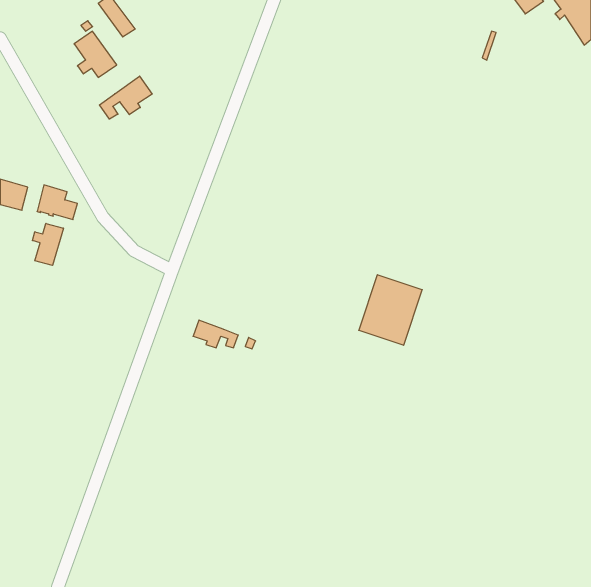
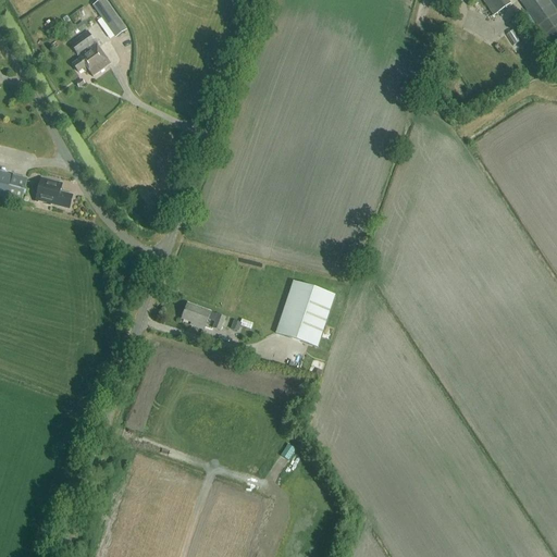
building: [99,76,152,119] -> none
building: [32,223,63,265] -> none
building: [359,275,422,345] -> [275,278,335,345]

